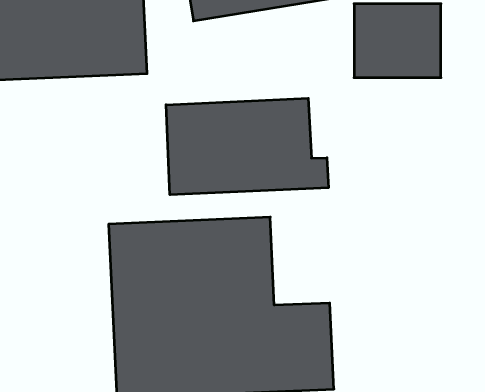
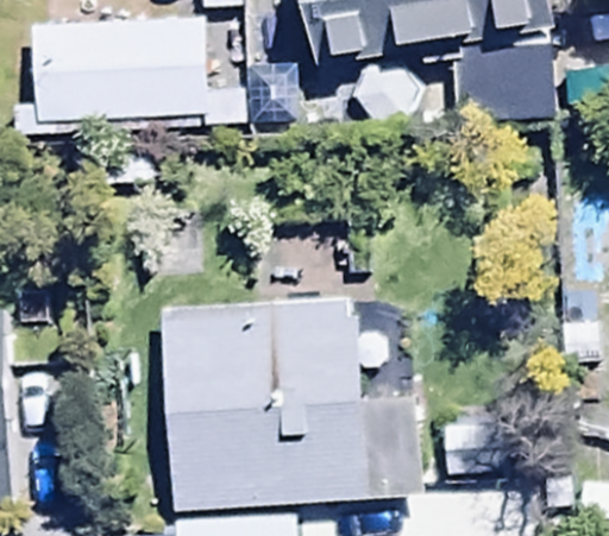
building: [166,98,328,195] -> none

